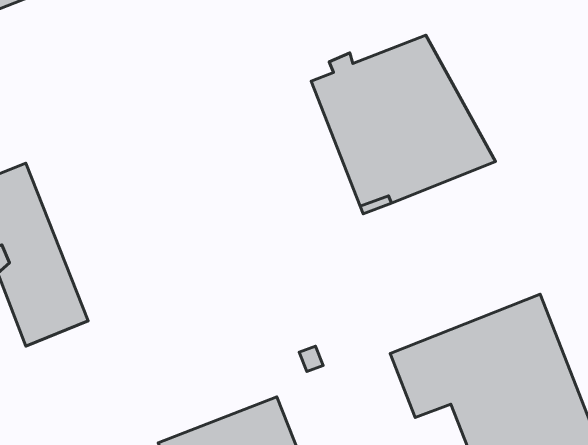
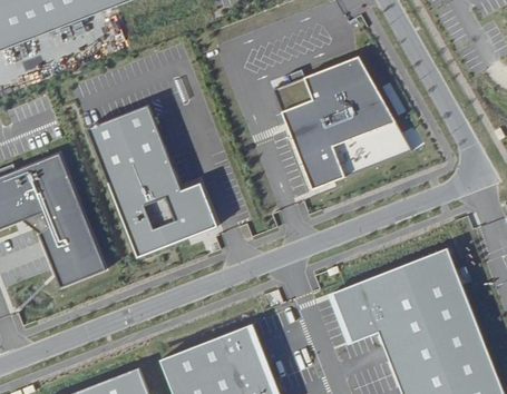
building: none -> [88,104,218,256]

